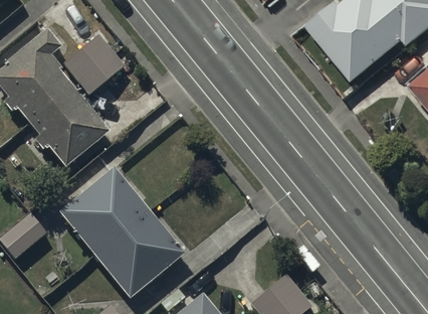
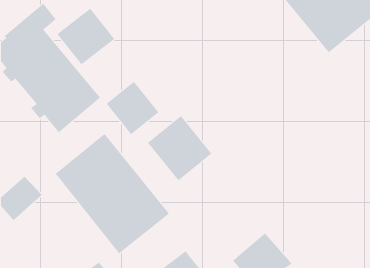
building: none -> [106,81,159,135]
building: none -> [147,115,212,181]

